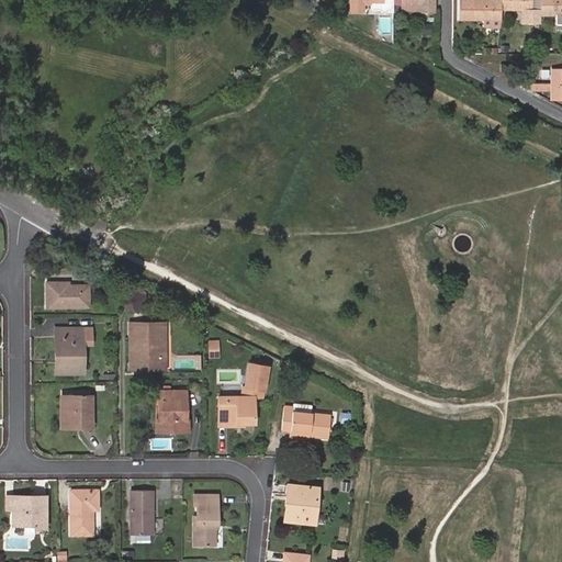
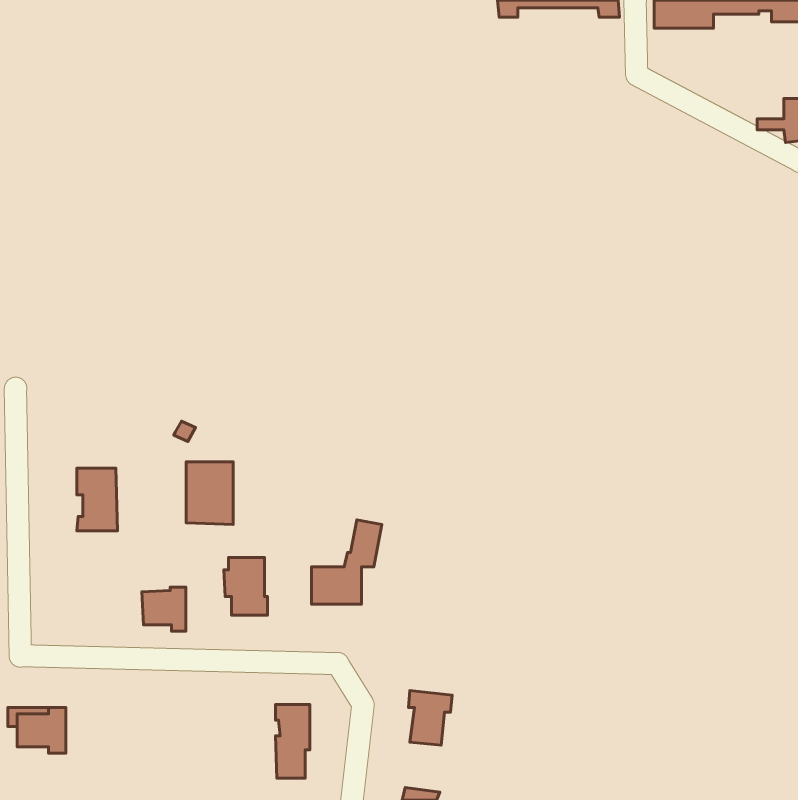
building: [47,281,89,306] -> none
building: [61,396,92,427] -> [142,587,186,631]
building: [283,406,329,437] -> none
building: [71,490,98,535] -> none
building: [132,490,153,533] -> none

